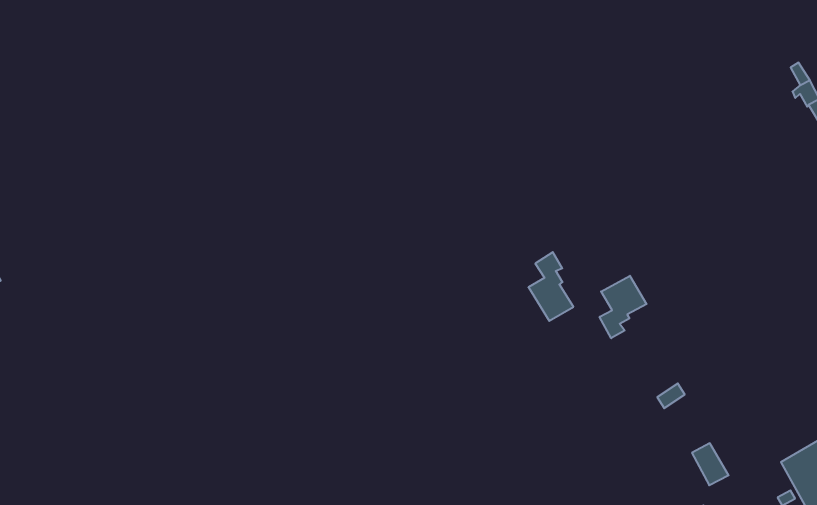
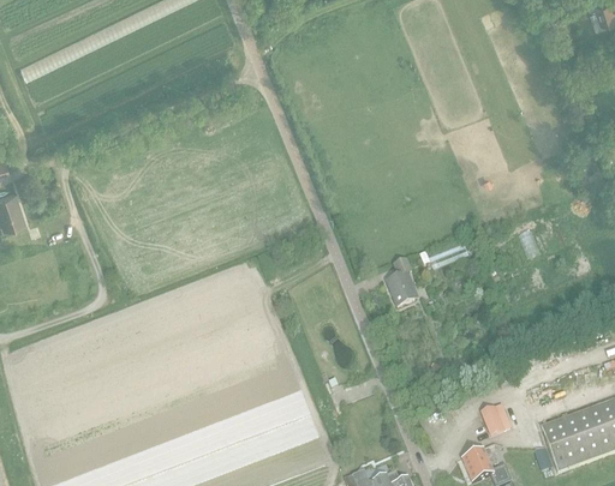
building: [600,276,647,338] -> none

